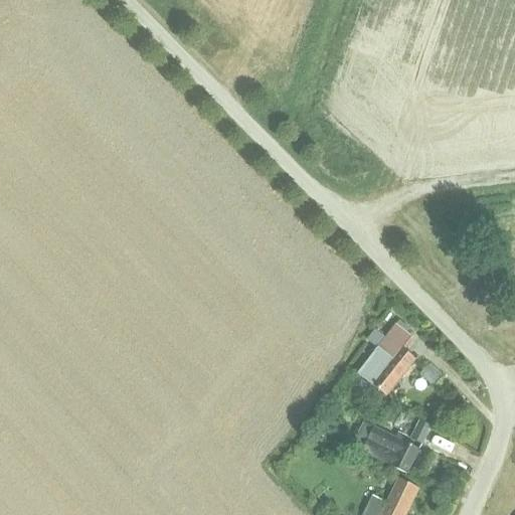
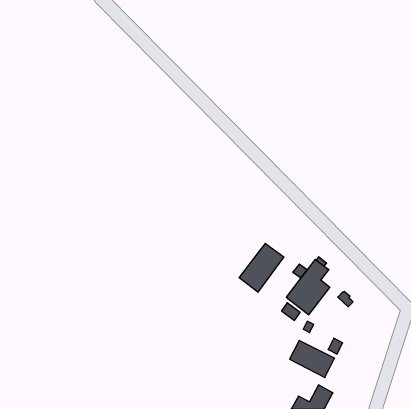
building: none -> [239,243,284,292]

